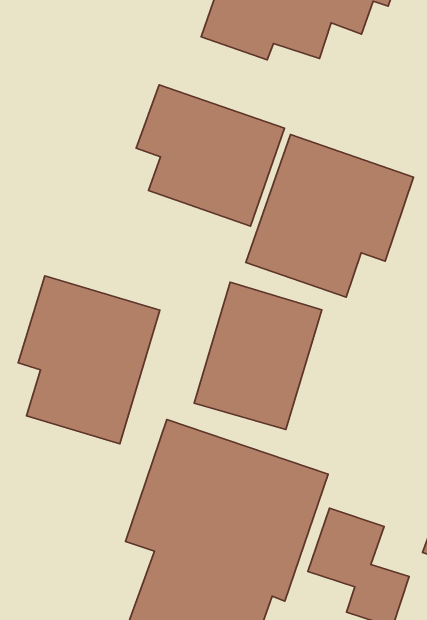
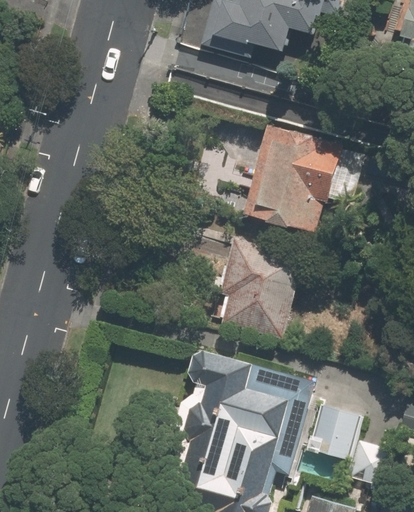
building: [136,85,285,226] -> none
building: [18,276,160,444] -> none

